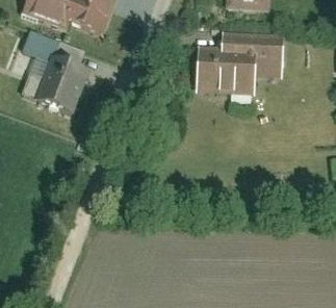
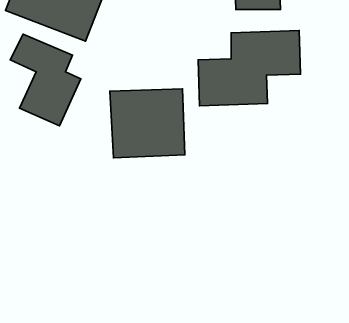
building: none -> [110,89,185,158]

